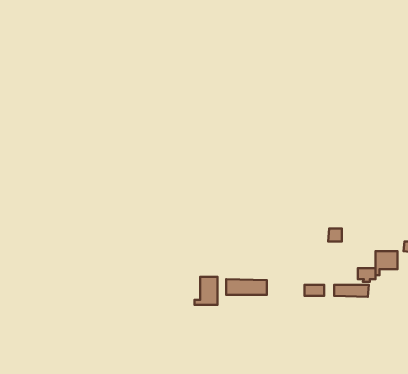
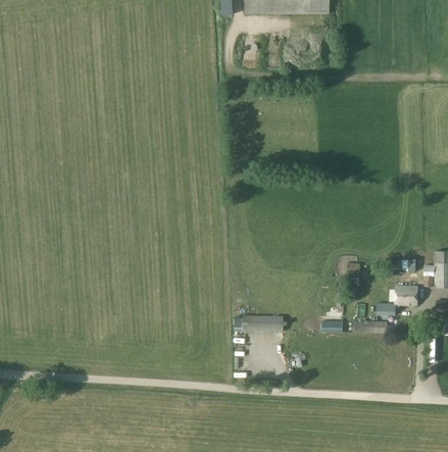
building: [194,277,218,305] -> none

